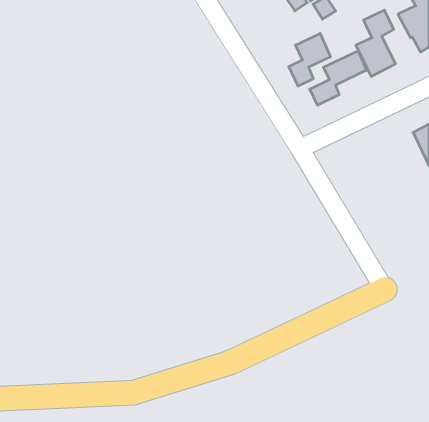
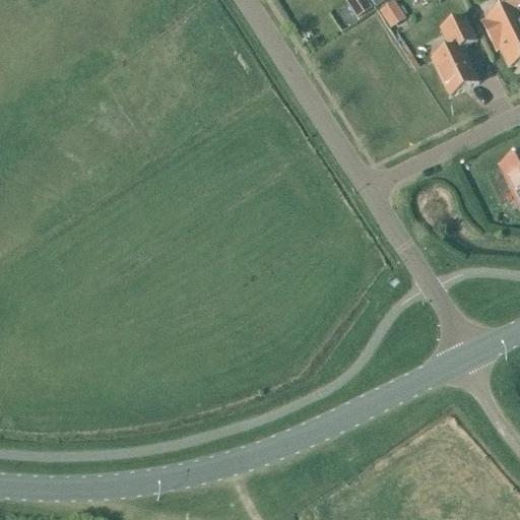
building: [289,33,330,86] -> none
building: [310,51,367,105] -> none

